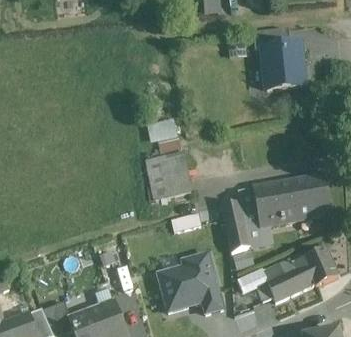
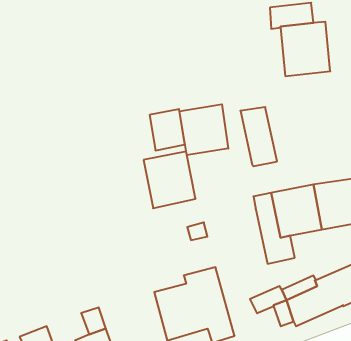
building: none -> [180,104,228,155]
building: [220,201,251,251] -> [240,107,277,166]

